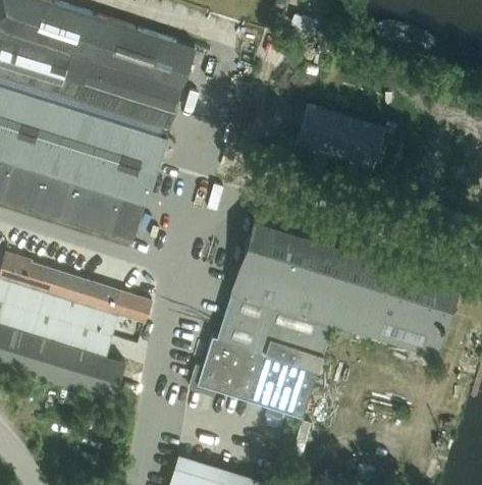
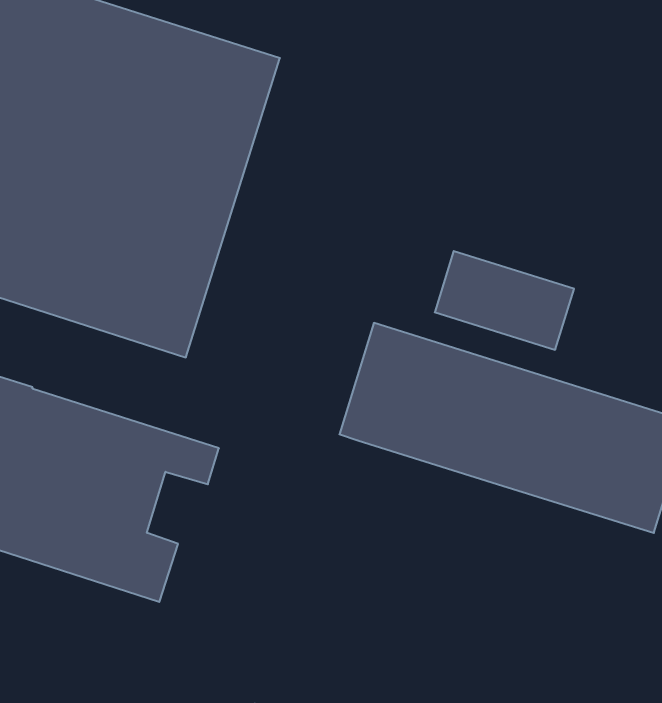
building: [293,102,384,166] -> [435,251,574,350]
building: [190,297,334,423] -> none

